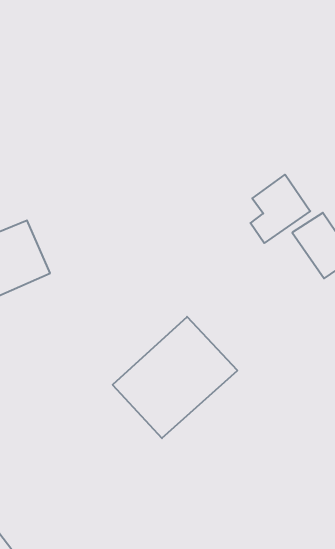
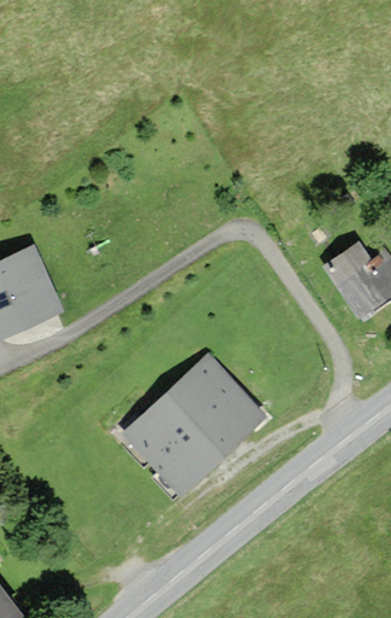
building: [250,175,310,243] -> none

